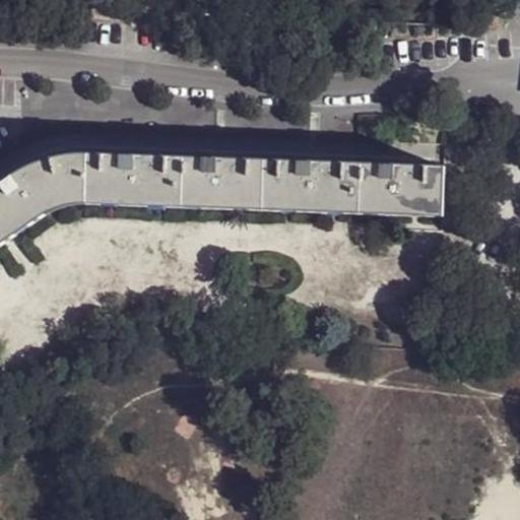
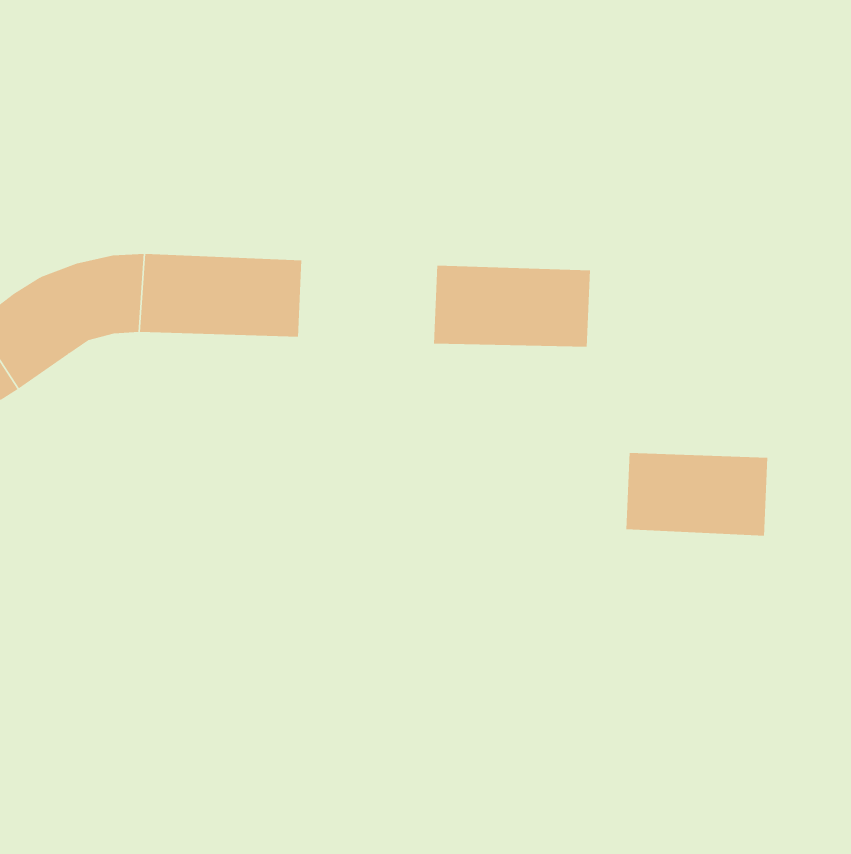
building: [181,157,264,208] -> none
building: [355,164,442,214] -> [626,452,768,536]

